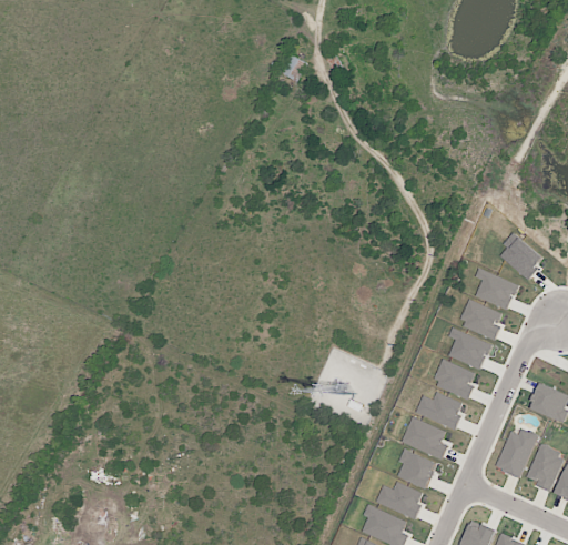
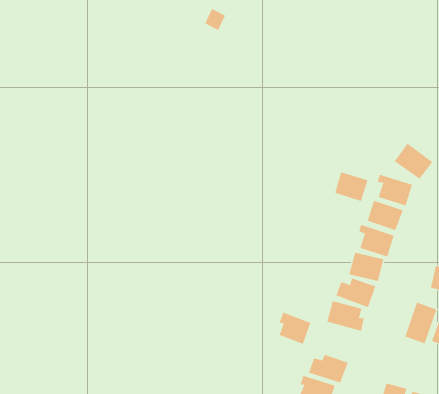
building: none -> [335,172,368,202]
building: [398,448,438,490] -> [279,312,311,344]

